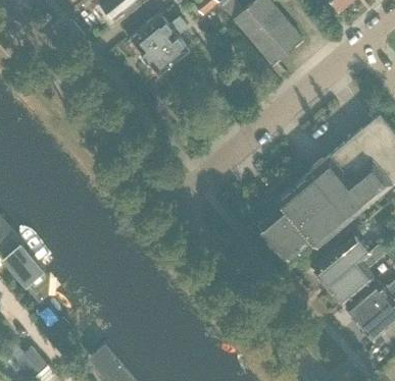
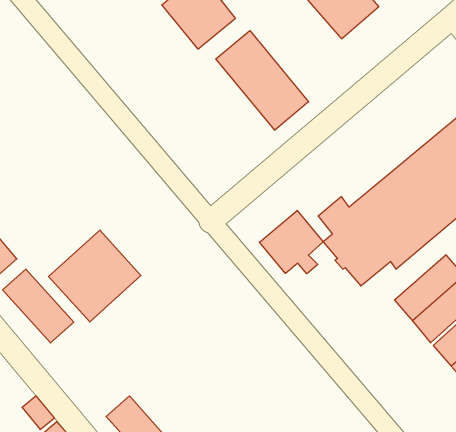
building: none -> [216,31,309,130]
building: none -> [259,210,323,274]
building: none -> [49,230,141,322]

